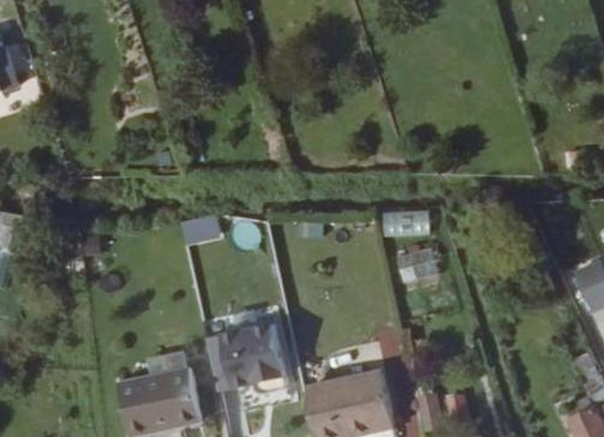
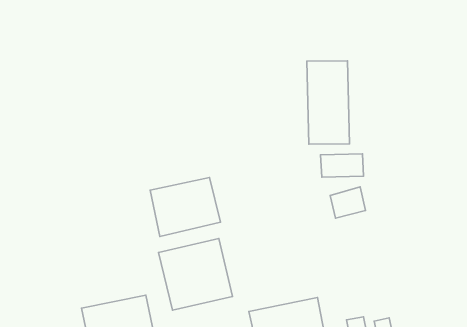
building: none -> [307,61,350,144]
building: none -> [150,178,220,236]

